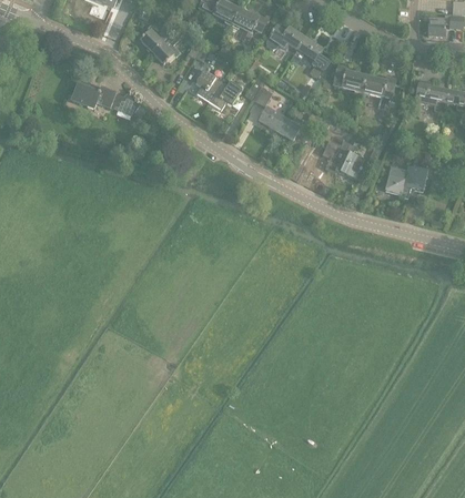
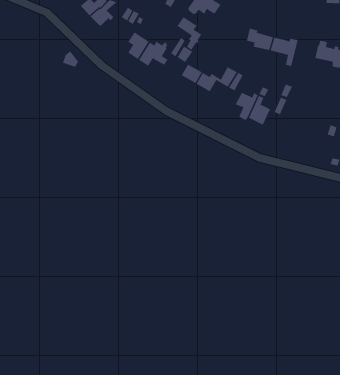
building: [297,38,327,78] -> [177,16,202,51]
building: [71,83,115,108] -> none
building: [384,165,427,199] -> none

